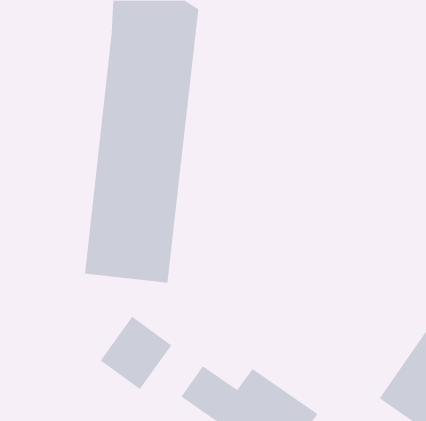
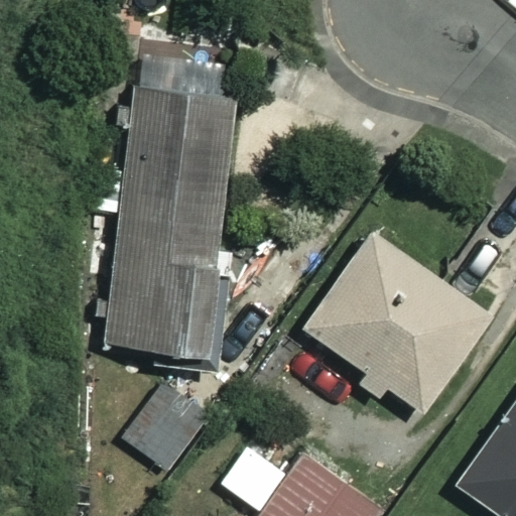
building: none -> [292,232,490,412]

